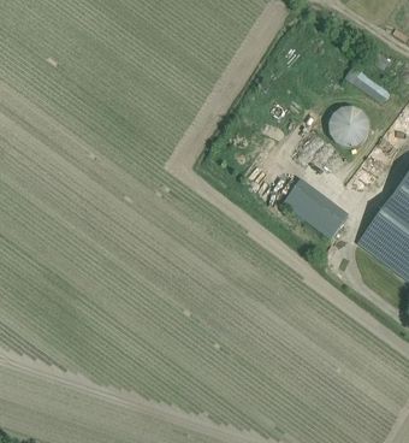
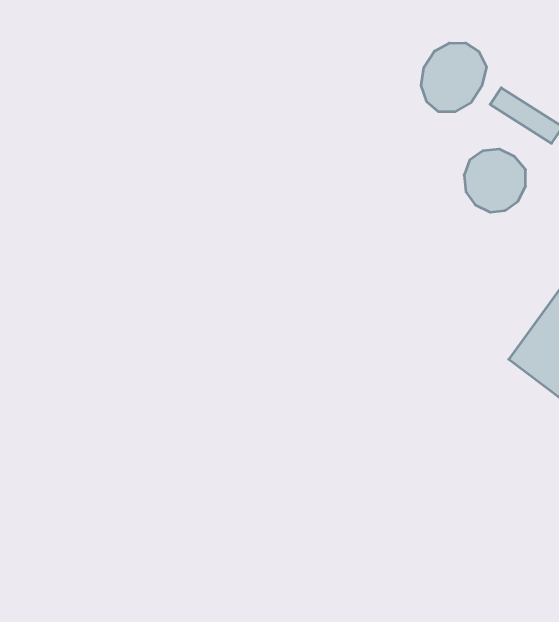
building: none -> [421,43,486,112]
building: [281,176,349,237] -> none

